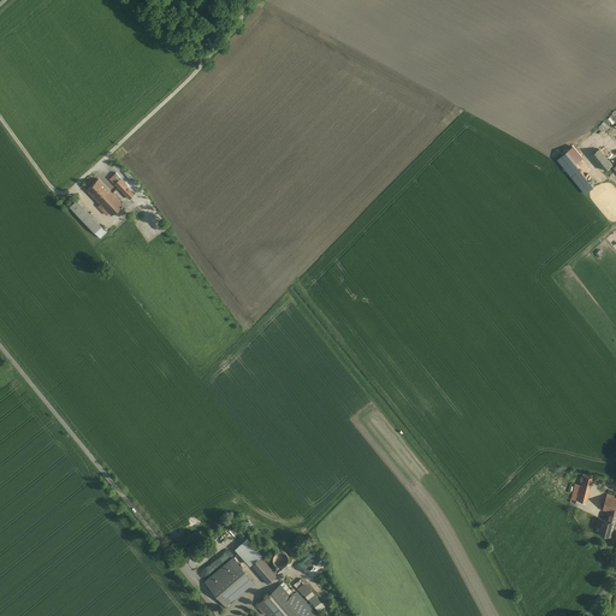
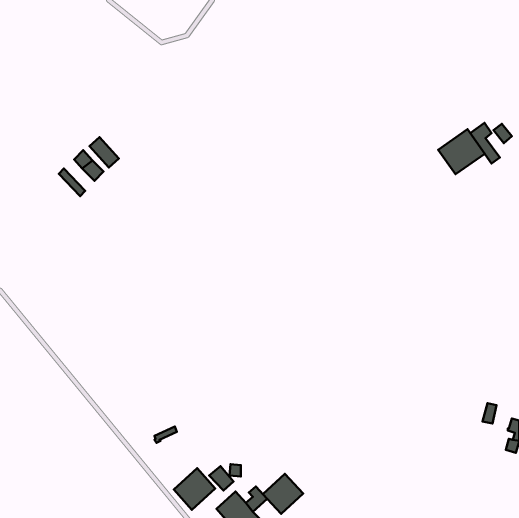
building: none -> [438,129,485,174]
building: none -> [263,474,303,514]

